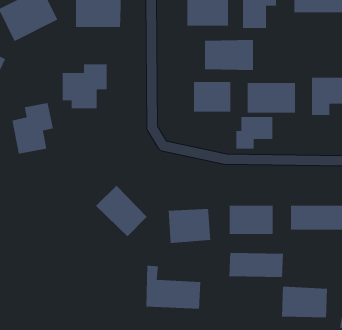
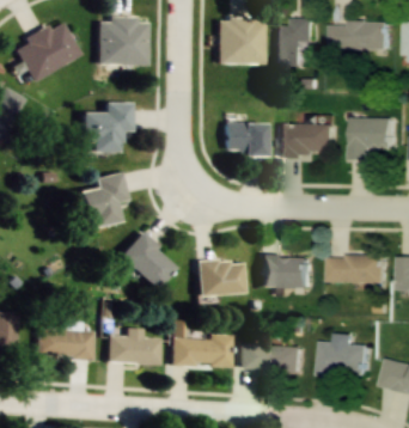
building: [204,39,254,71] -> none
building: [11,102,54,155] -> [84,172,129,228]
building: [236,116,273,150] -> none
building: [228,252,284,278] -> [244,344,304,372]
building: none -> [38,329,96,359]
building: none -> [110,329,163,365]

